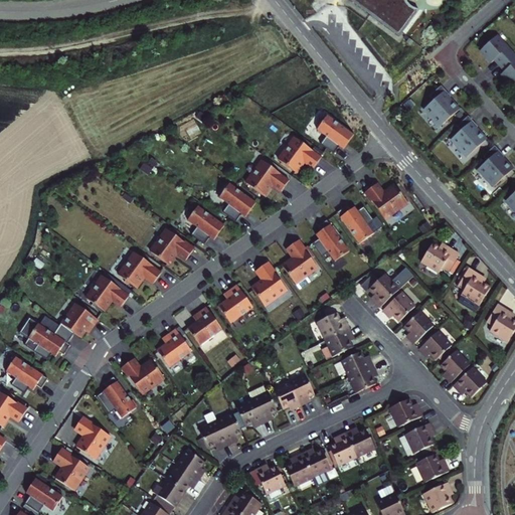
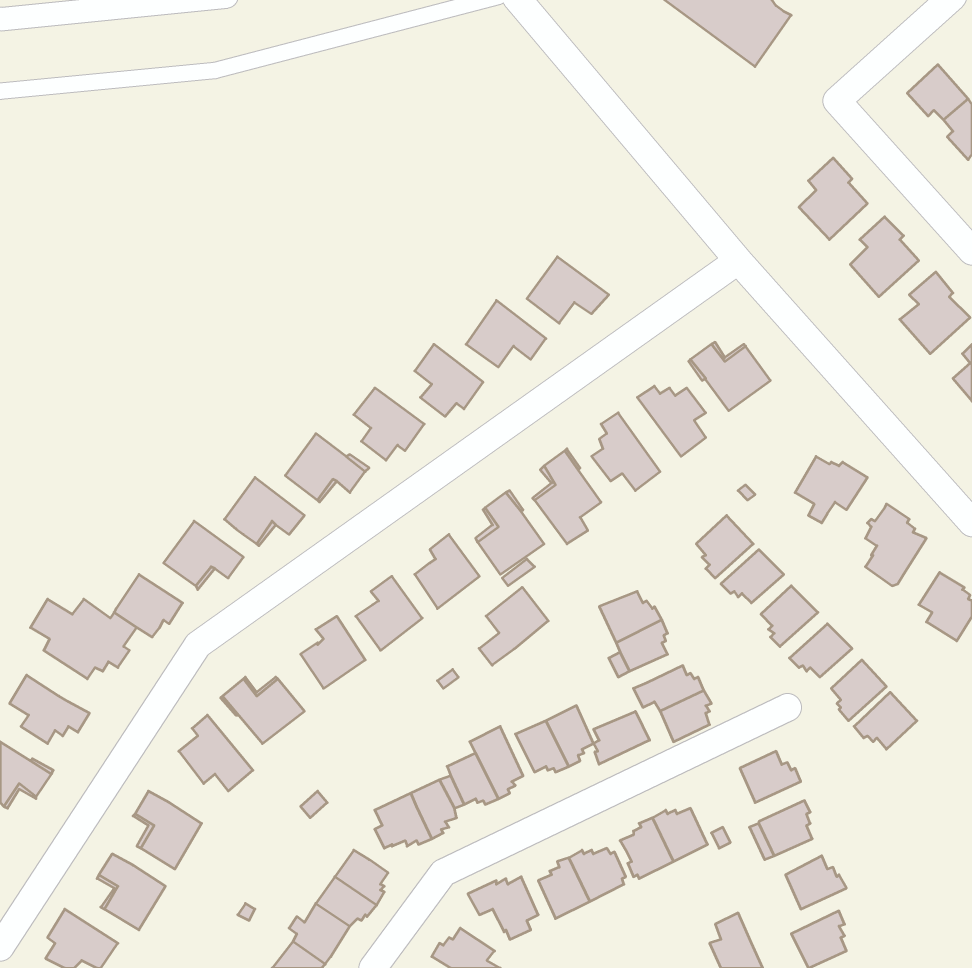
building: [317,114,353,152] -> none
building: none -> [479,587,548,665]
building: none -> [593,711,650,764]

